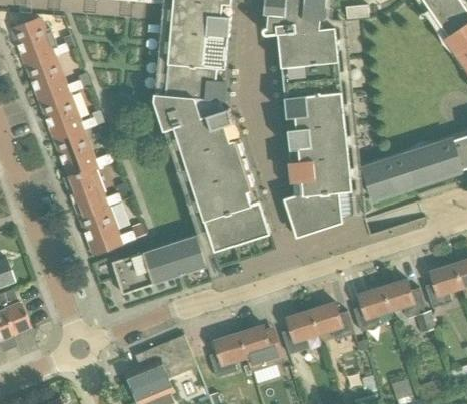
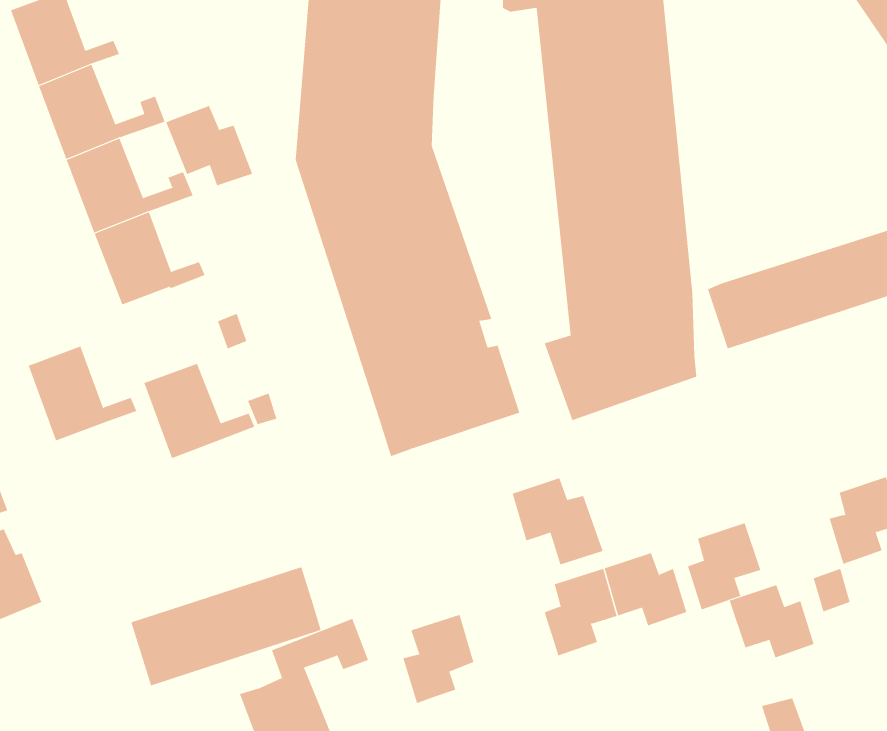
building: none -> [166,105,253,186]
building: [65,168,120,217] -> [28,345,137,441]
building: [111,235,207,295] -> [130,567,322,686]
building: [382,279,425,316] -> [729,585,815,658]
building: [239,325,285,369] -> [512,478,604,565]

